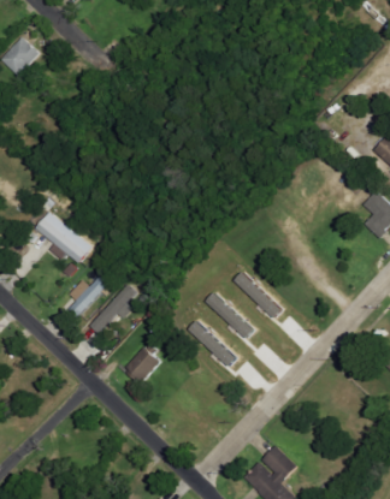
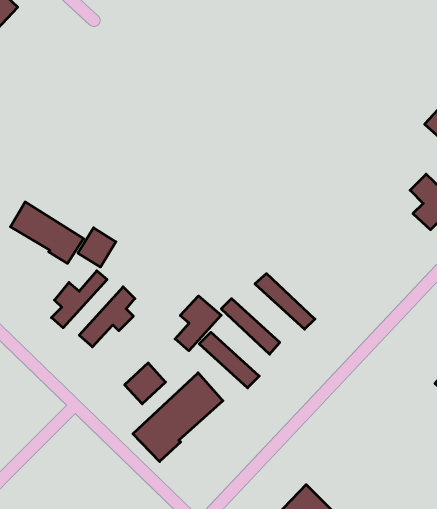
building: none -> [78,228,116,267]
building: none -> [175,296,221,351]
building: none -> [133,373,223,462]

